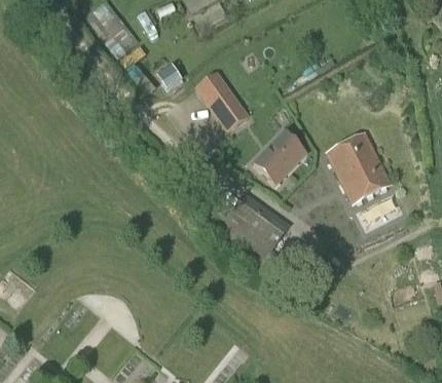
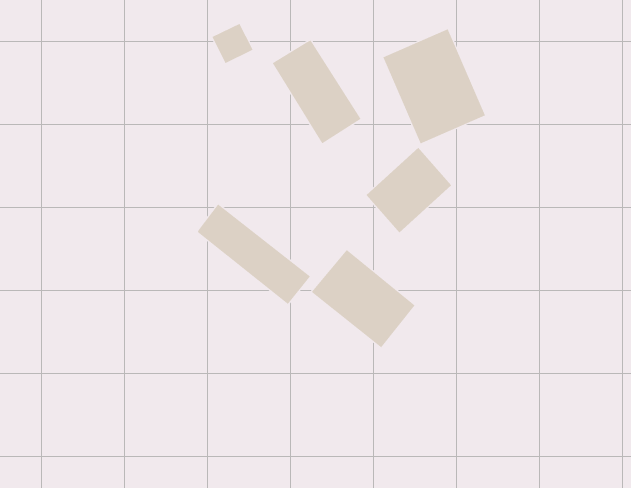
building: [327,133,391,203] -> [382,29,486,144]
building: none -> [197,203,311,305]

